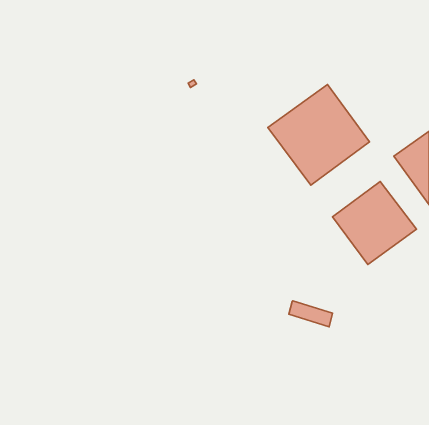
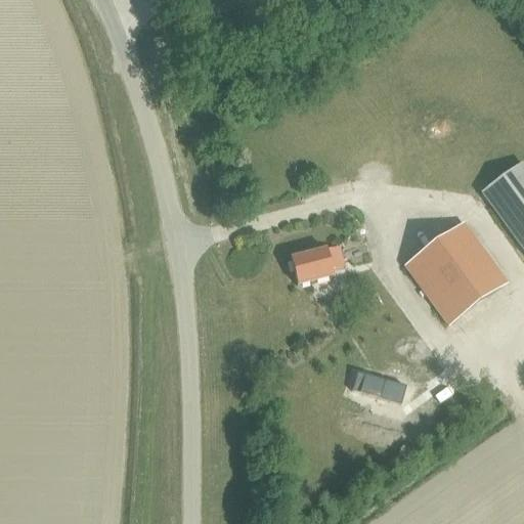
building: [268,85,370,185] -> none
building: none -> [290,243,344,281]

